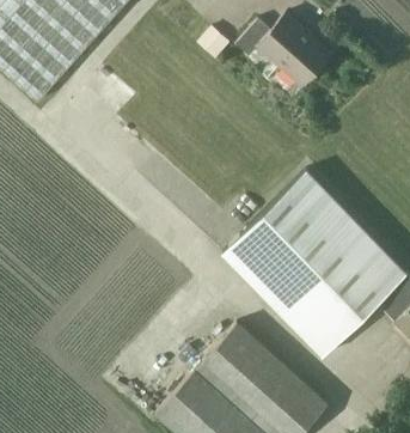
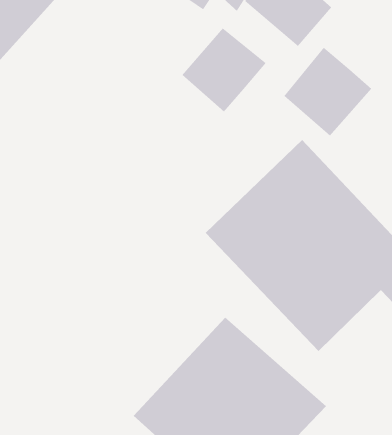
building: none -> [182,27,267,112]
building: none -> [283,47,372,136]

